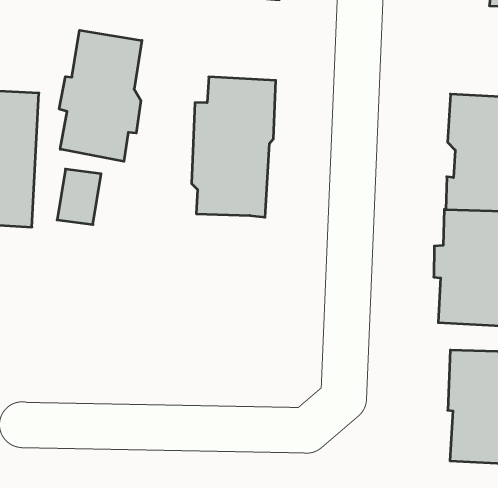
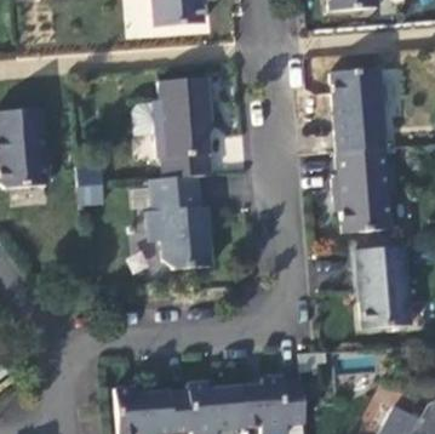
building: [59,30,142,161] -> none
building: none -> [148,176,213,269]

